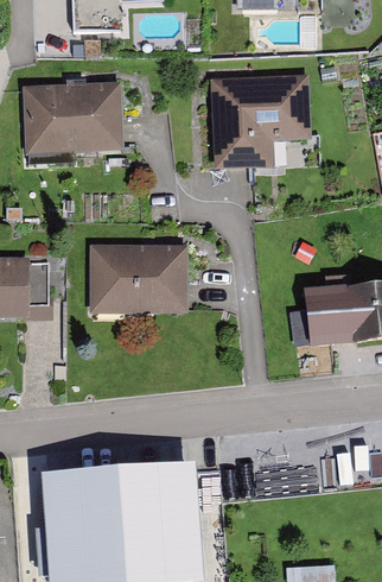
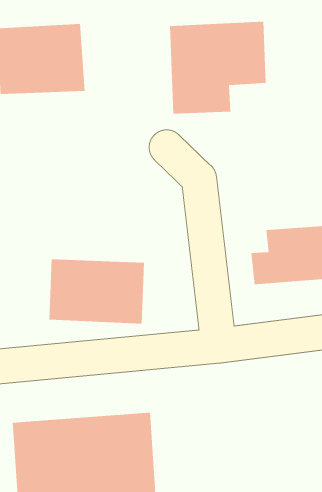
building: [90,243,190,311] -> [49,259,145,324]

